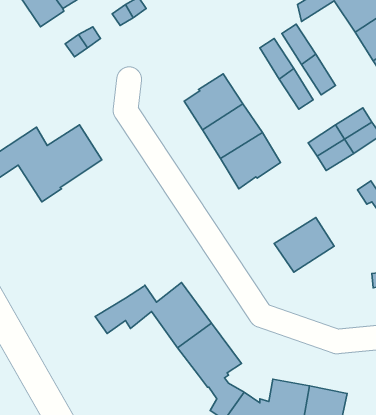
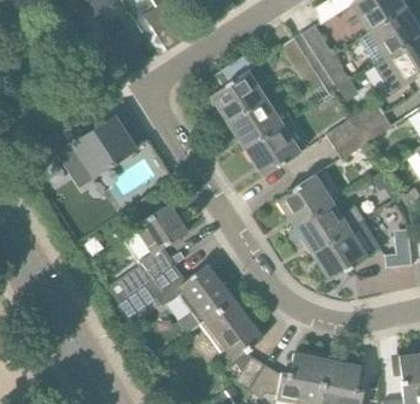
building: none -> [278,174,333,227]
building: none -> [109,203,188,301]
building: none -> [313,229,368,280]

